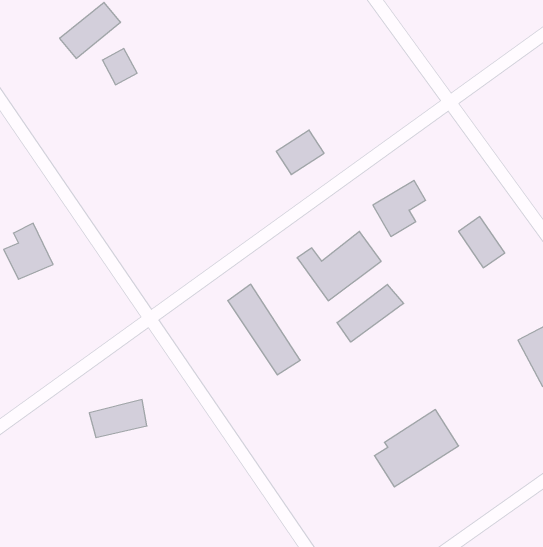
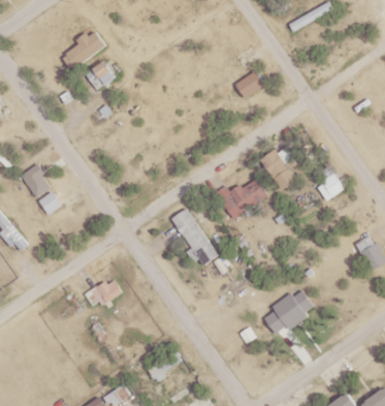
building: [276,130,324,175] -> [234,69,264,97]
building: [337,284,404,342] -> none

